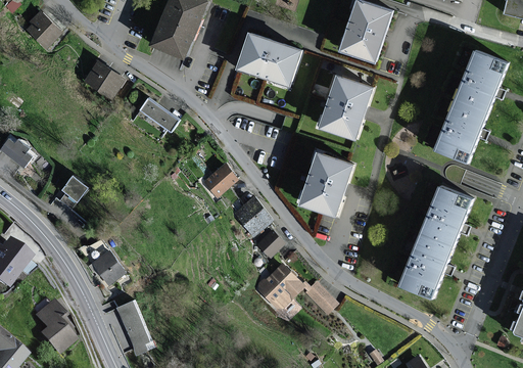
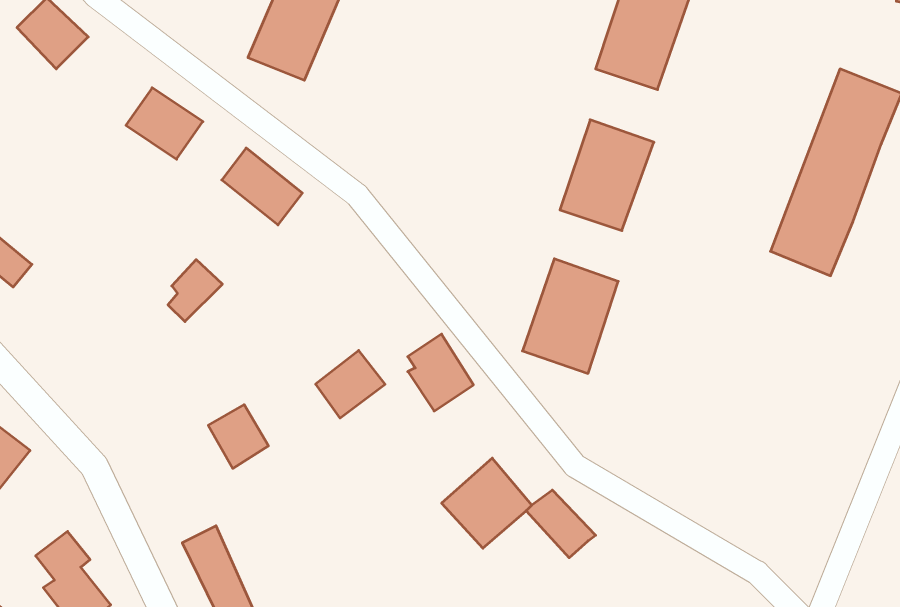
building: [236,34,298,85] -> none
building: [201,162,239,198] -> [316,350,385,418]
building: [60,175,90,209] -> [168,260,222,322]
building: [399,187,470,296] -> none
building: [256,230,284,257] -> none
building: [93,251,126,286] -> [208,405,268,468]

